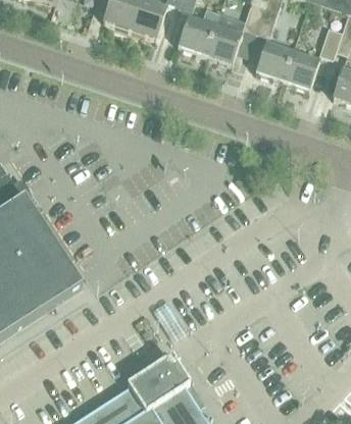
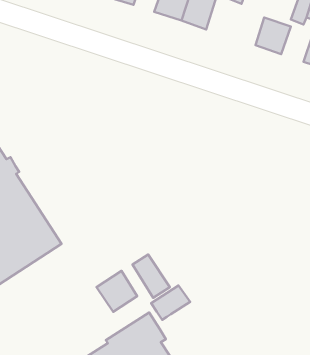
building: [254,42,292,80] -> none
building: none -> [96,271,137,312]
building: none -> [151,286,190,320]

